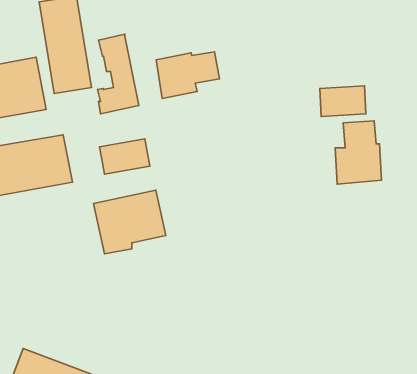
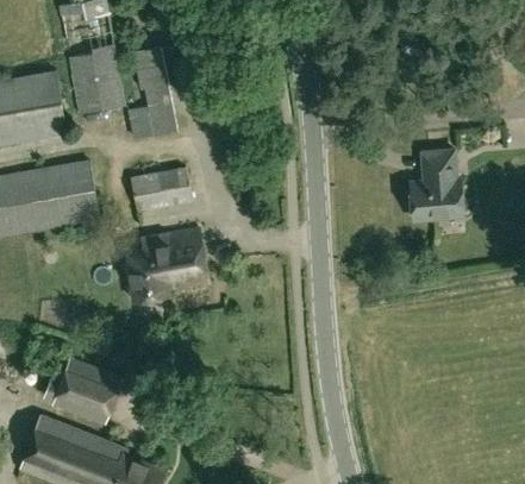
building: [156,52,220,99] -> none
building: [320,86,366,116] -> none
building: none -> [43,357,123,423]

